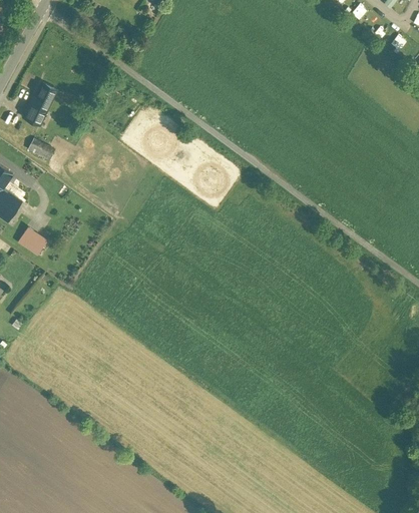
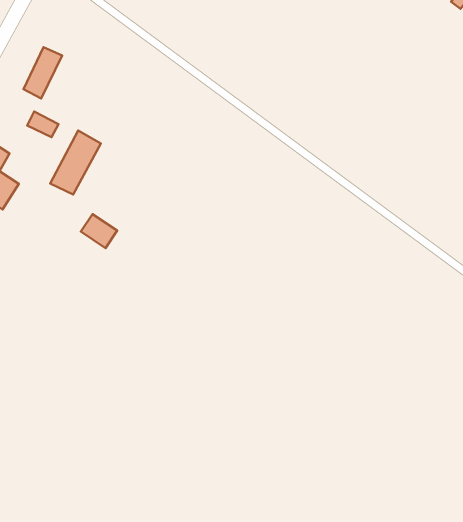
building: none -> [50,130,101,195]
building: [17,226,48,255] -> [81,214,117,248]

